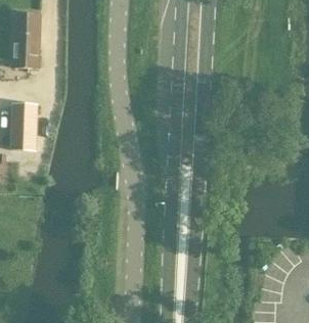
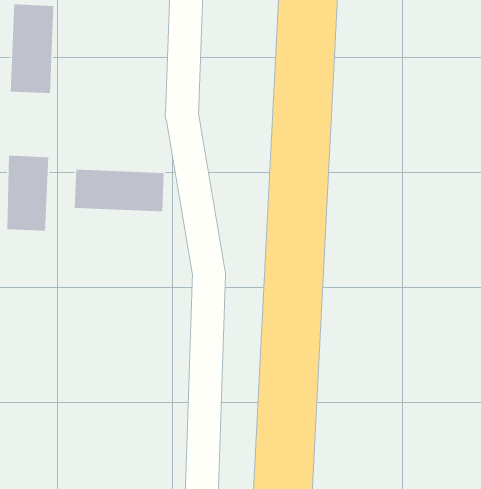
building: none -> [74,169,165,212]

